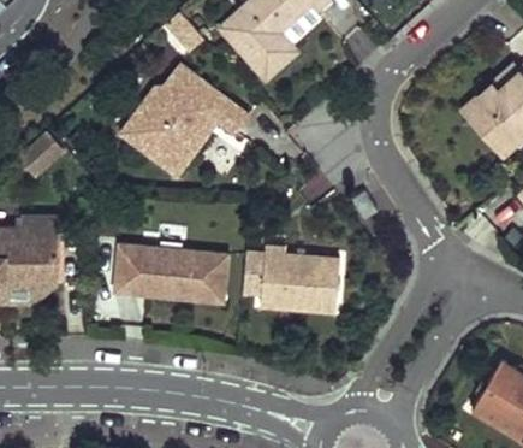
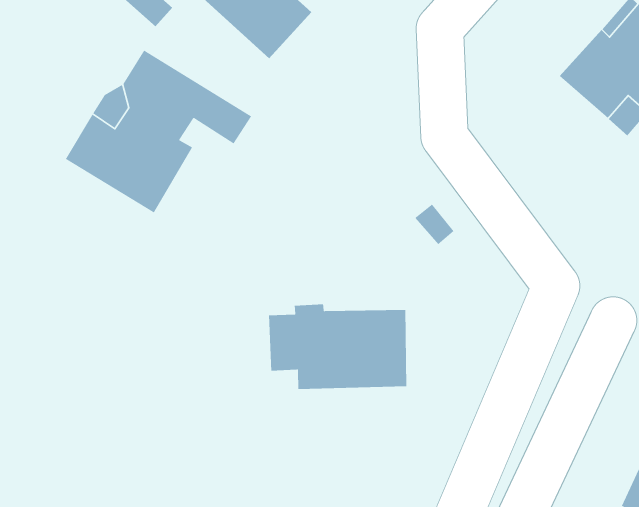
building: [114,243,228,303] -> none

